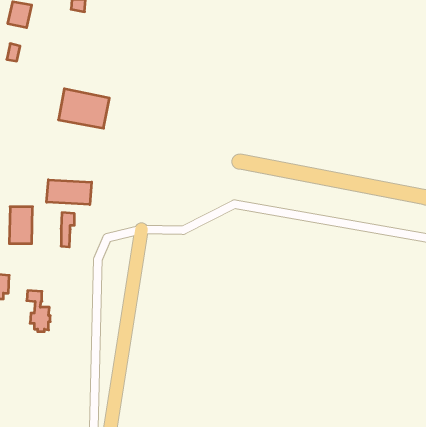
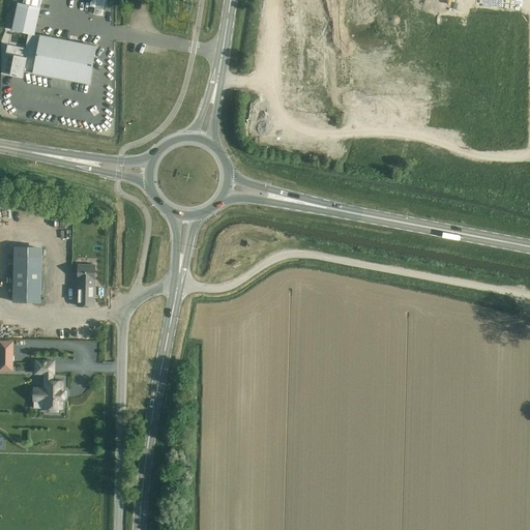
building: [58,89,109,128] -> [31,34,94,83]
building: [47,180,92,205] -> none

